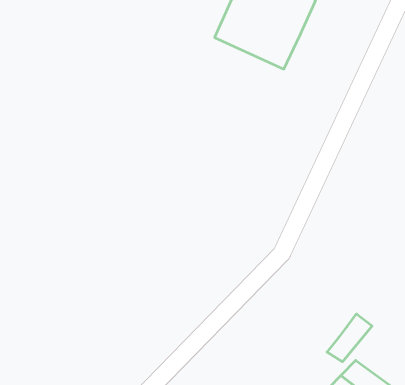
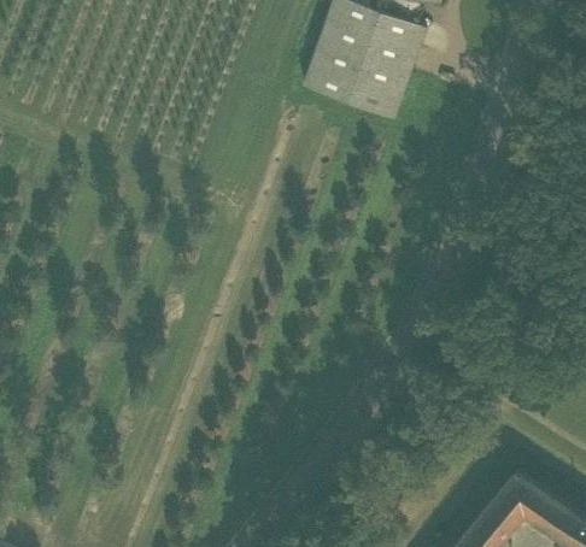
building: [327,314,372,362] -> none

